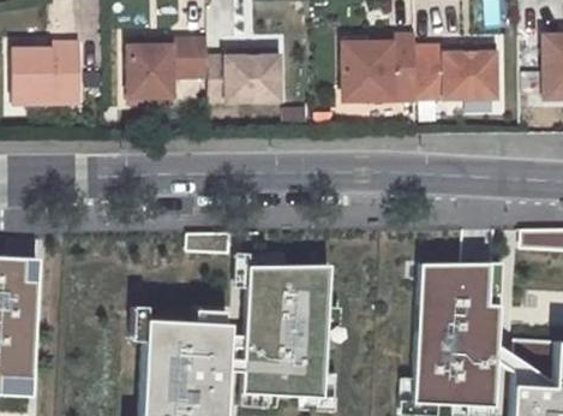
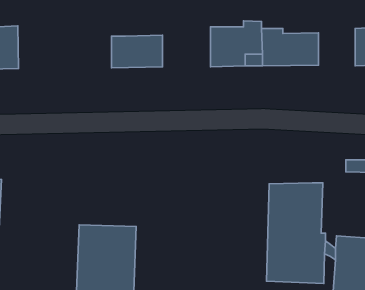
building: [119,37,198,100] -> none
building: [248,261,334,398] -> none

